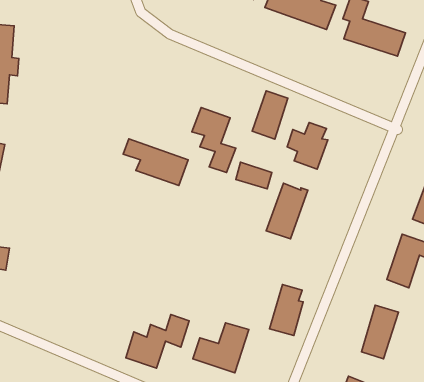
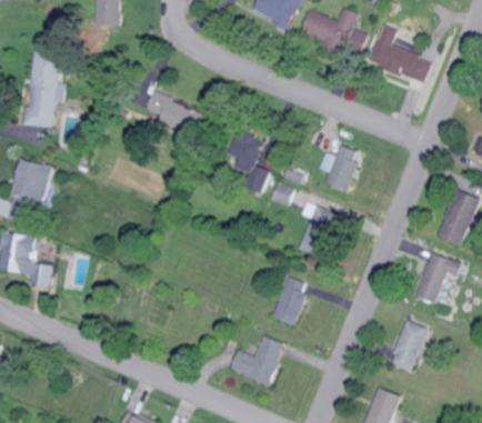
building: [252,91,288,139] -> none
building: [123,139,188,186] -> [147,94,209,139]
building: [270,284,303,336] -> [273,276,305,325]
building: [126,314,189,368] -> none

